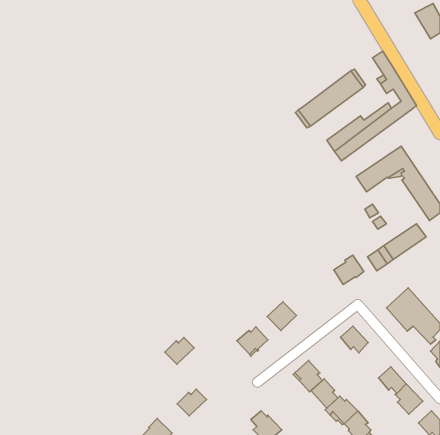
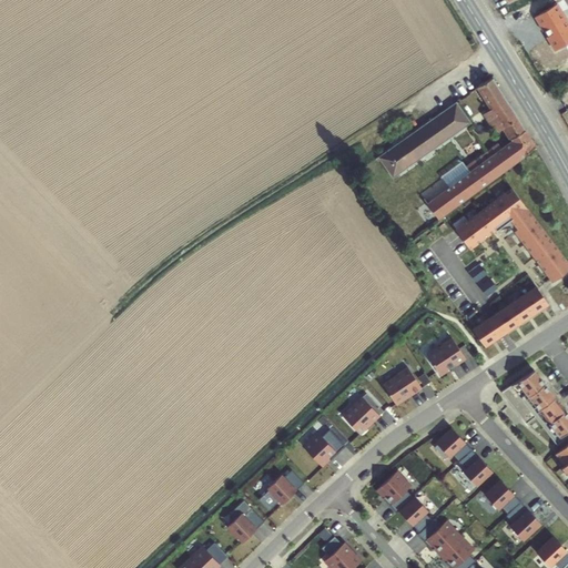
building: none -> [385,366,423,403]
building: [165,337,194,364] -> [267,469,305,504]
building: none -> [460,448,494,486]

